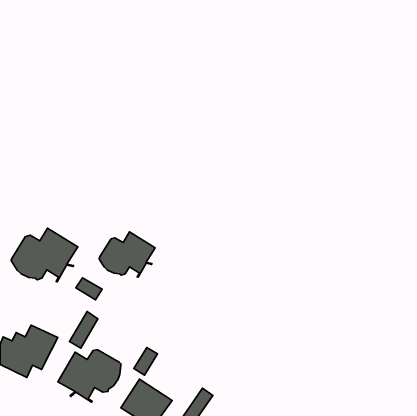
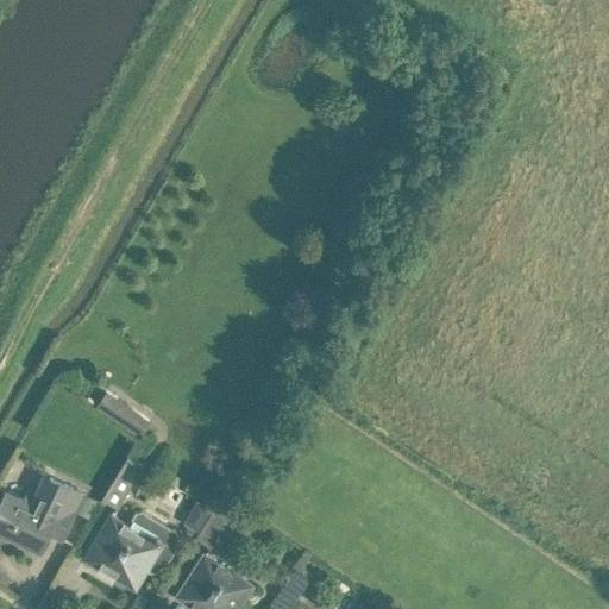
building: [11,228,78,282] -> none
building: [99,232,155,277] -> none

